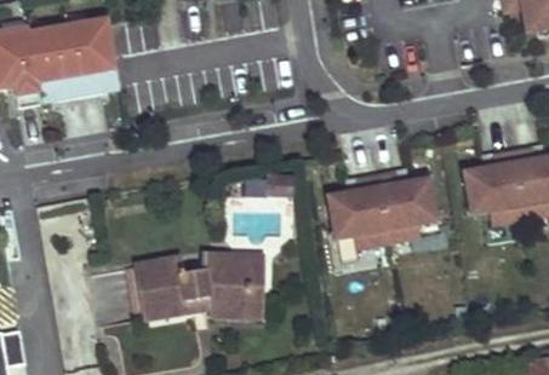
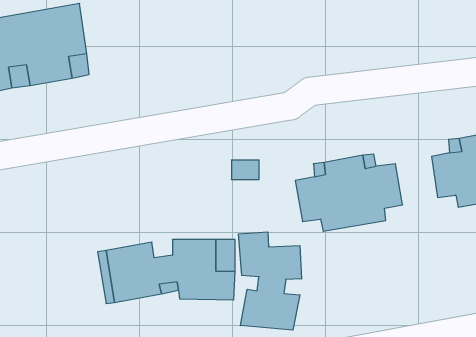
building: none -> [239,232,301,330]

